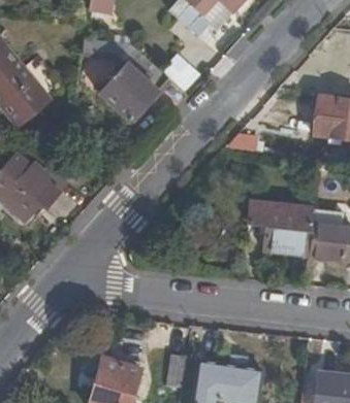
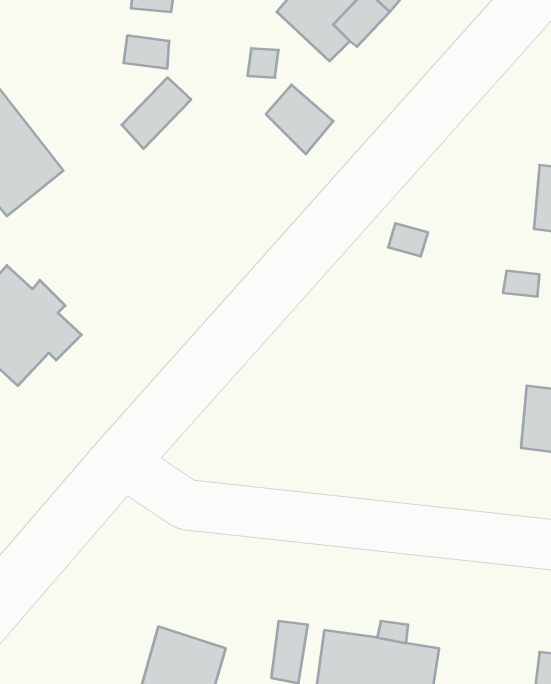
building: [99,64,167,121] -> none
building: [248,201,312,255] -> none

